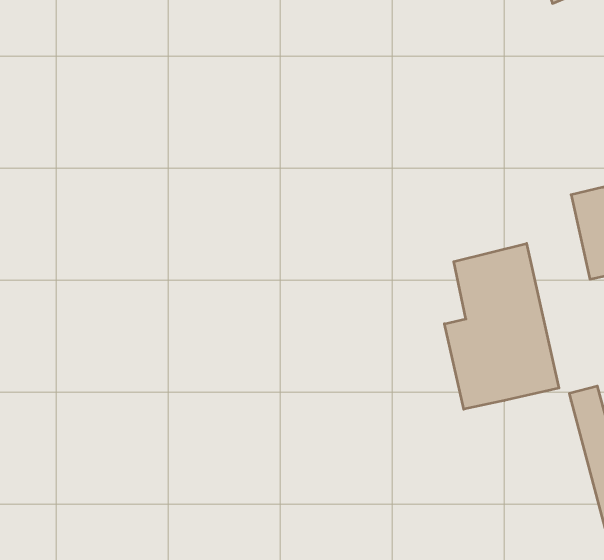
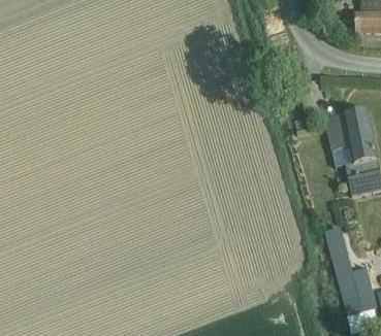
building: [444,243,559,409] -> none

